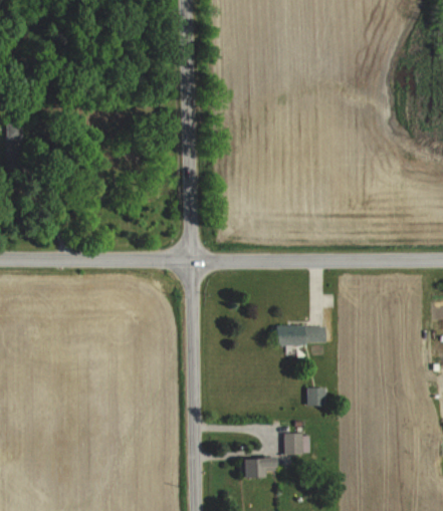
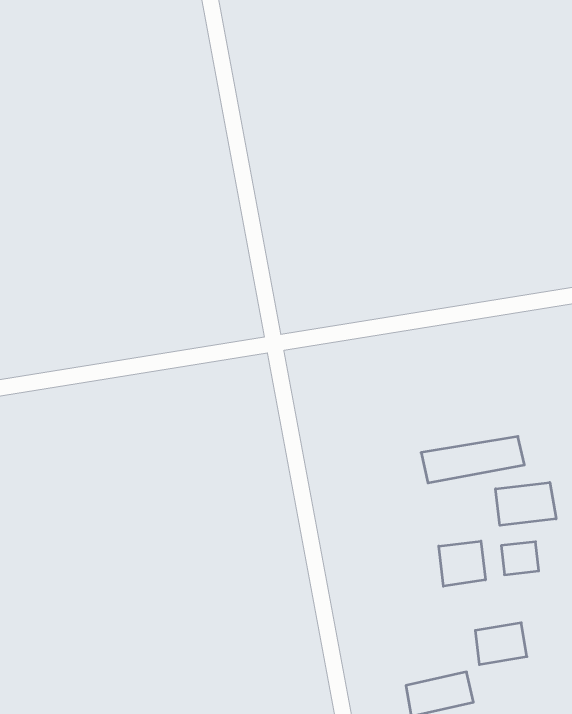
building: none -> [496,482,556,525]
building: none -> [439,541,485,586]

